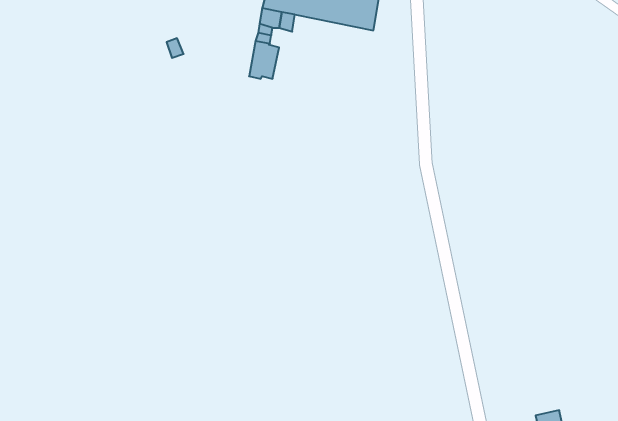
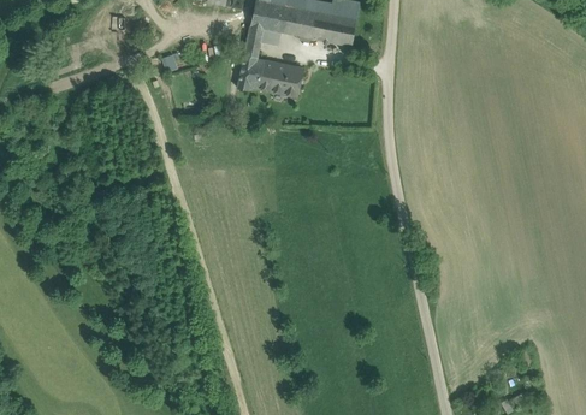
building: none -> [261,61,304,97]

